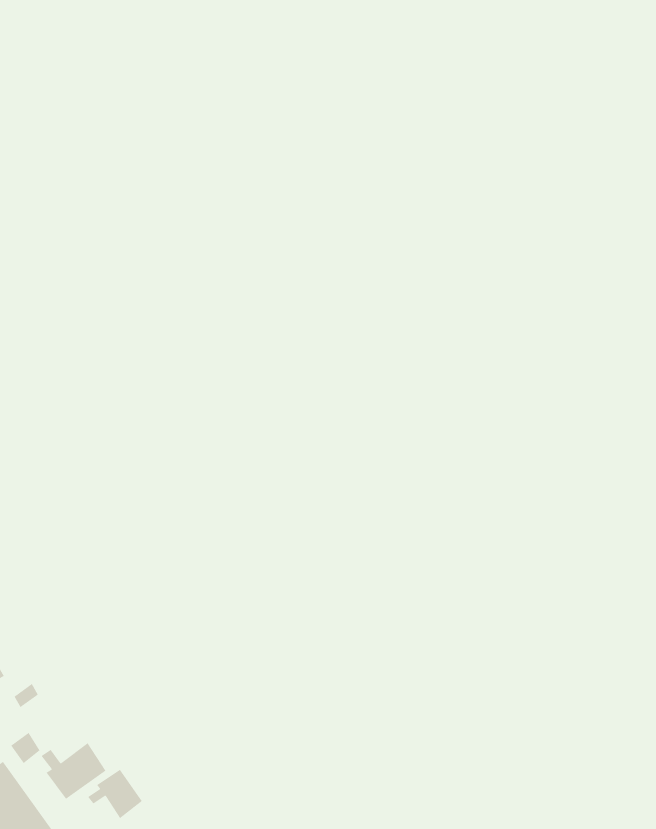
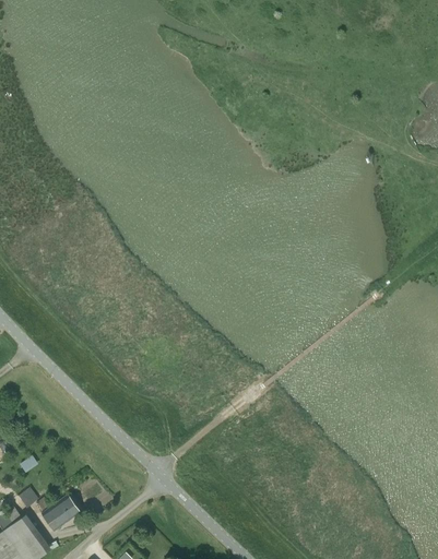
building: [87,769,143,819] -> none

